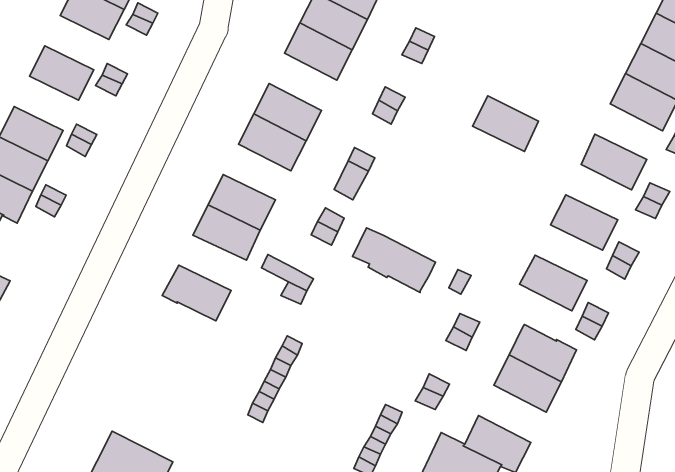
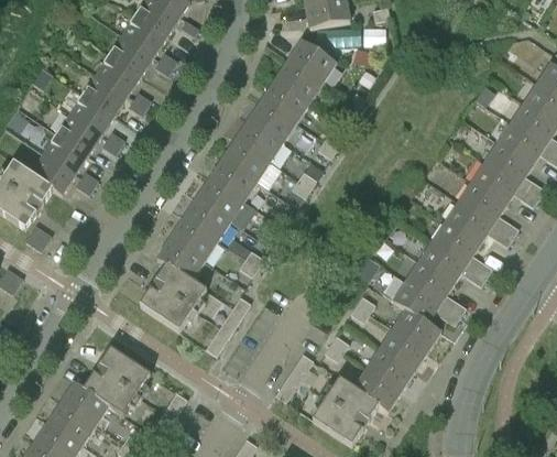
building: none -> [96,54,141,95]
building: none -> [249,99,296,142]
building: none -> [69,94,114,134]
building: [473,96,538,151] -> [446,202,492,243]
building: none -> [471,162,518,204]
building: none -> [209,159,256,200]
building: none -> [419,241,467,283]
building: [353,228,436,293] -> [383,273,440,323]
building: none -> [171,218,218,260]
building: none -> [140,263,206,330]
building: none -> [367,348,414,391]

